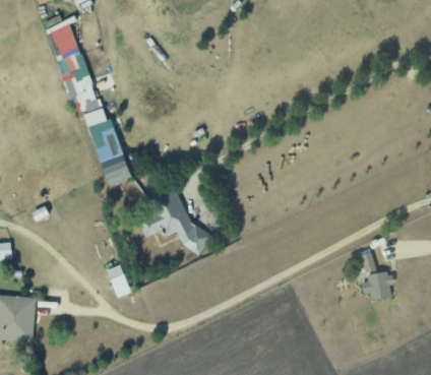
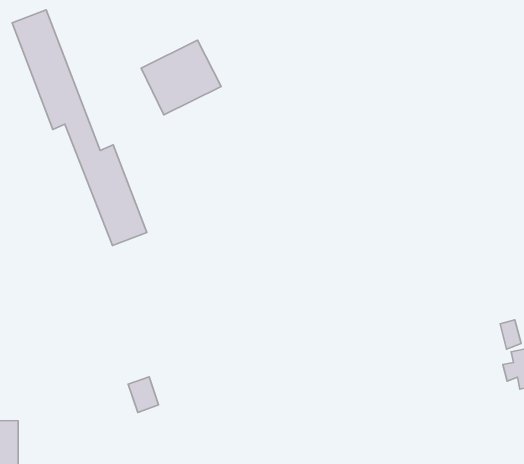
building: none -> [141,40,221,115]
building: [139,188,211,254] -> none

